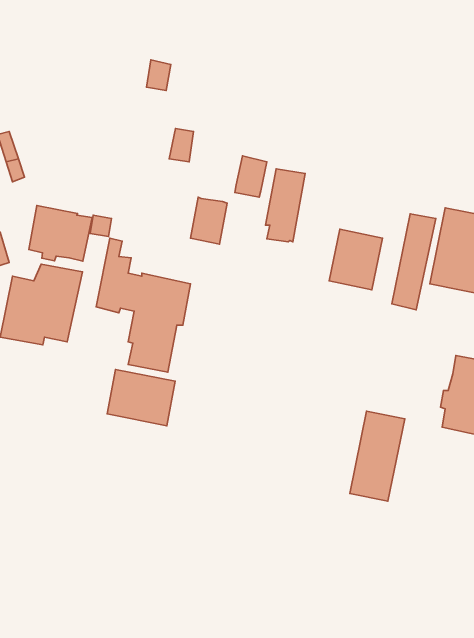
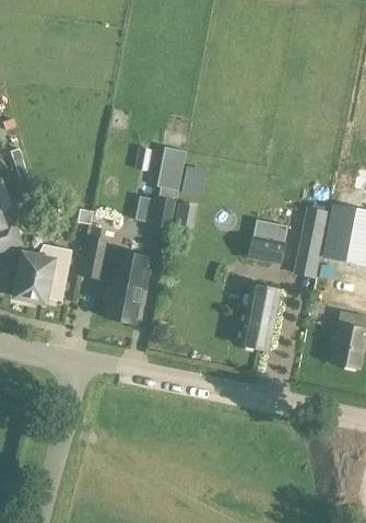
building: [265,169,305,242] -> [156,147,185,199]
building: [29,205,92,261] -> none
building: [107,369,175,426] -> none
building: [350,411,405,501] -> [240,284,280,349]

